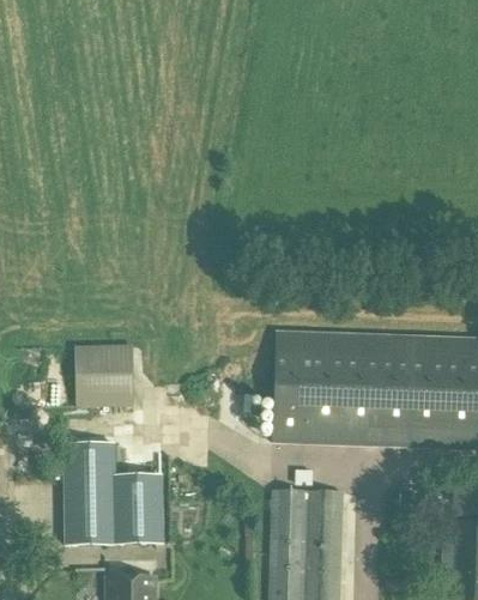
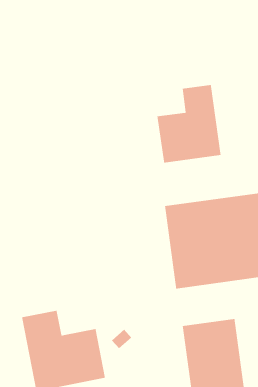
building: none -> [157,84,221,163]
building: [63,340,123,405] -> none

